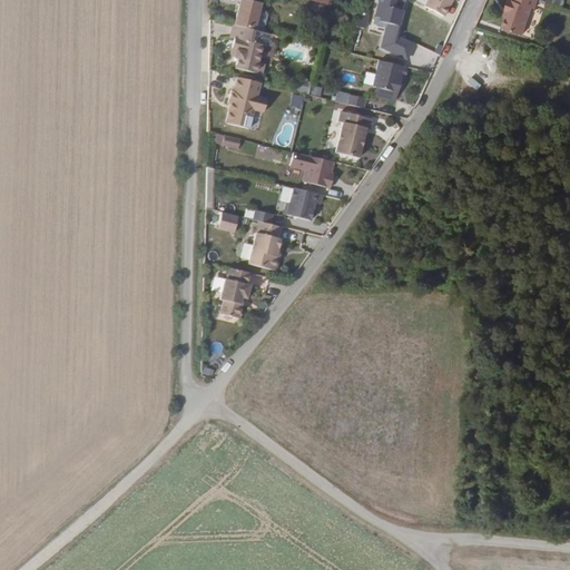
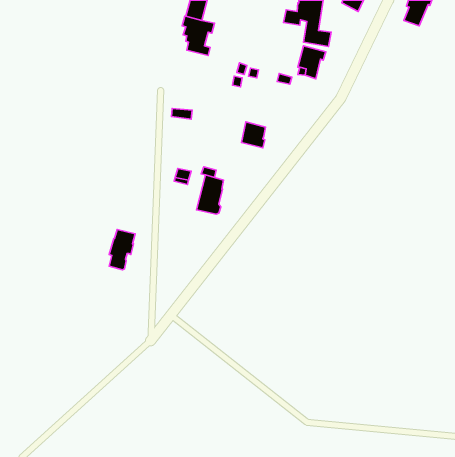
building: [226,72,267,125] -> none
building: [334,110,372,159] -> none
building: [285,186,323,218] -> none
building: [219,265,252,315] -> [109,229,135,270]

